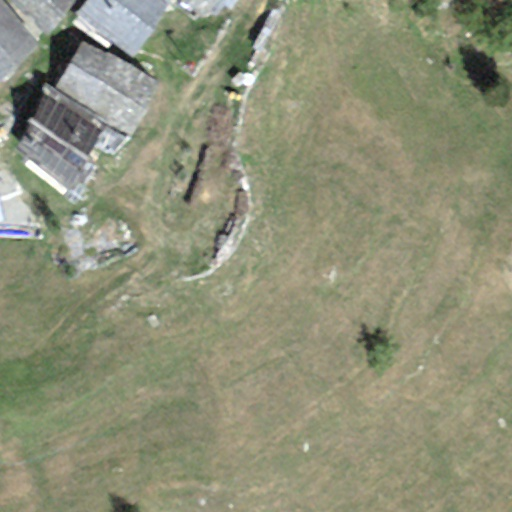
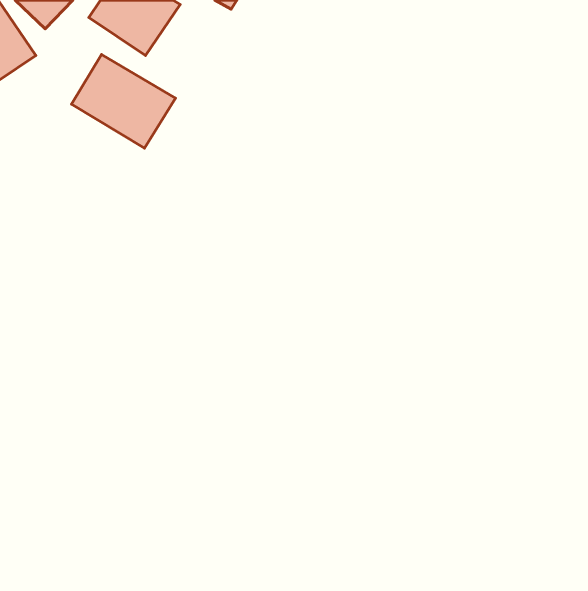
building: [19,98,100,179] -> none

